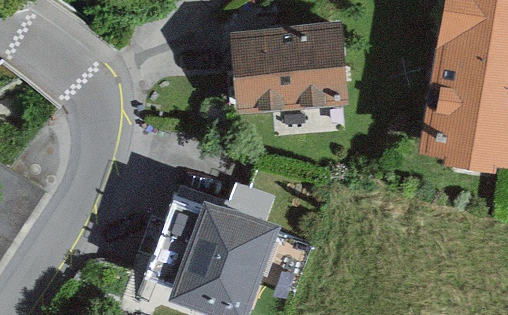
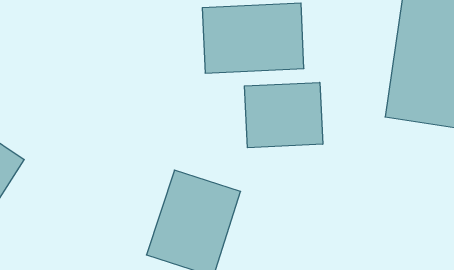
building: none -> [244,82,323,148]

